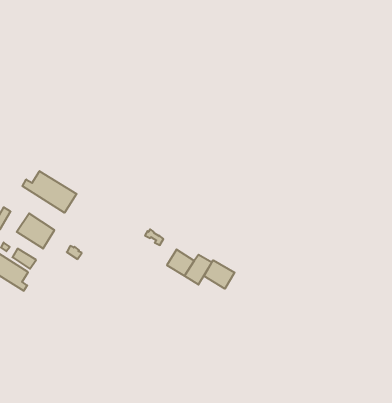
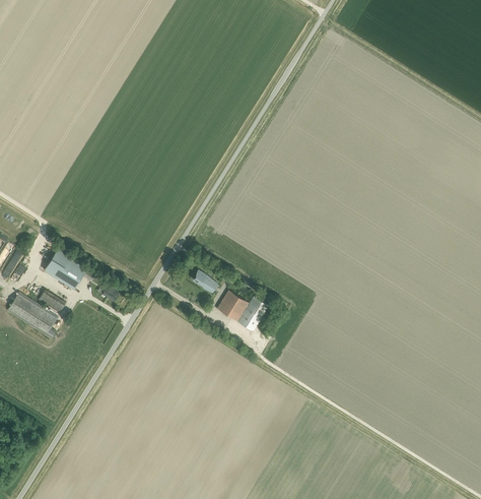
building: [22,171,77,213] -> none
building: [204,260,235,289] -> none

